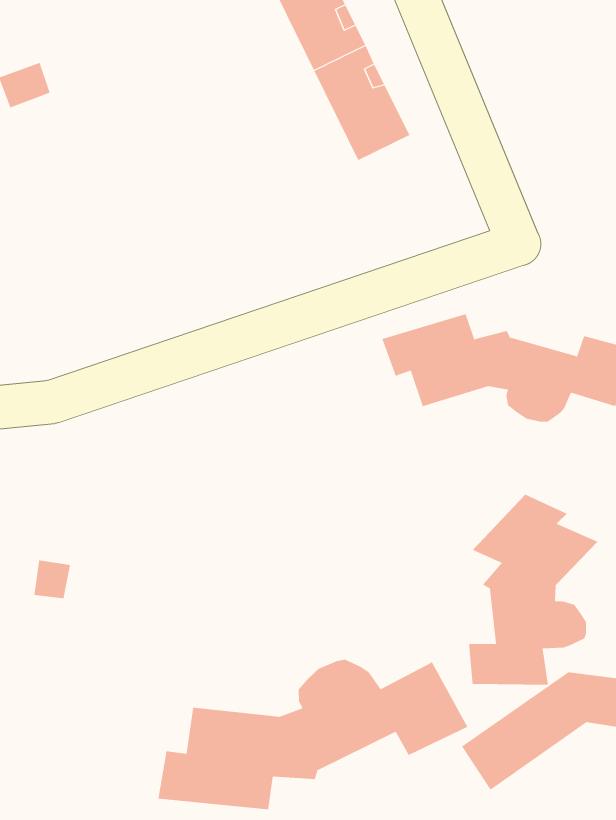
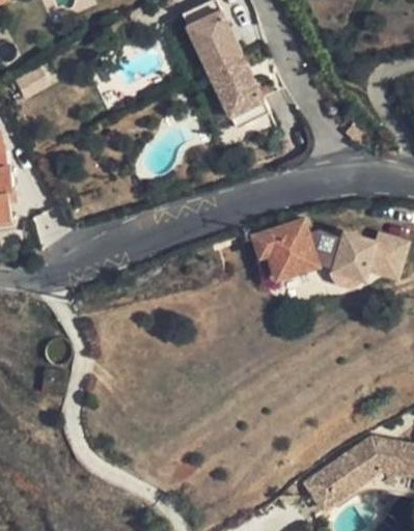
building: [469,494,598,686] -> none
building: [158,659,468,810] -> none

